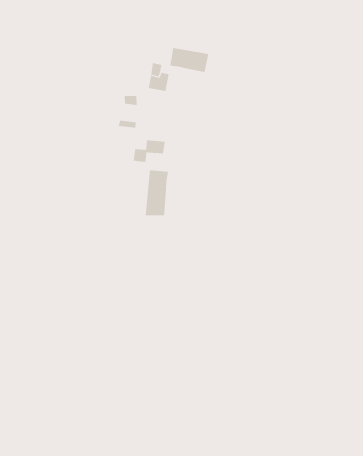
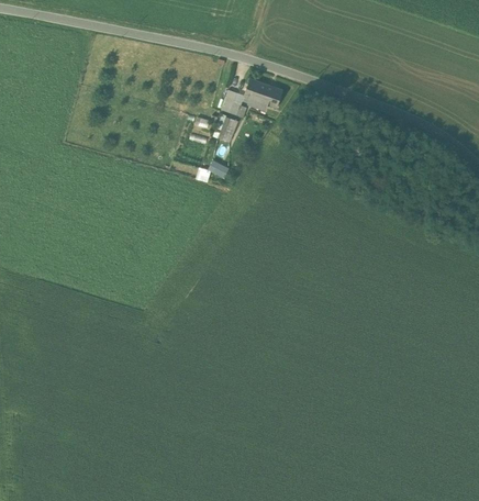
building: [145,169,168,216] -> none

